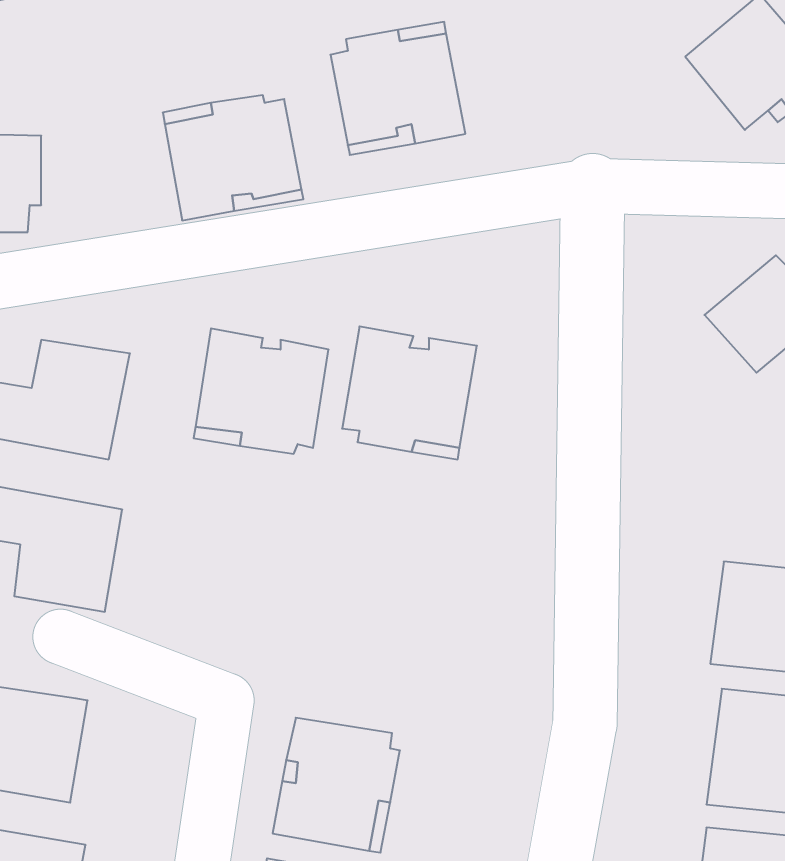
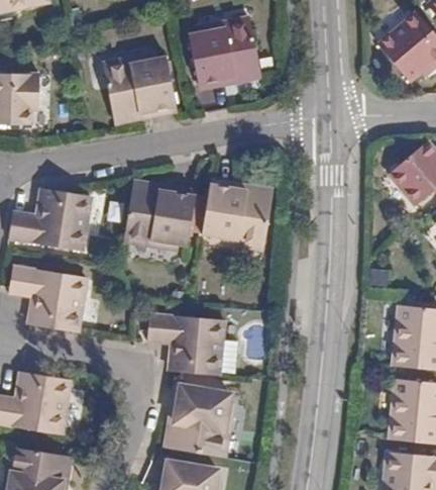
building: none -> [145,315,221,378]

